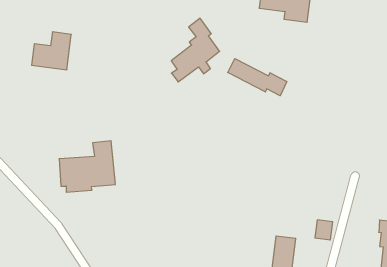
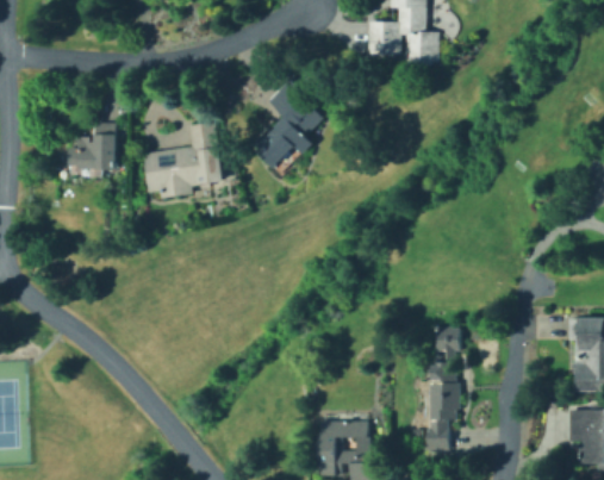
building: [228,59,287,96] -> none
building: [59,141,115,192] -> [145,121,226,199]
building: [315,220,333,240] -> [441,328,462,353]

